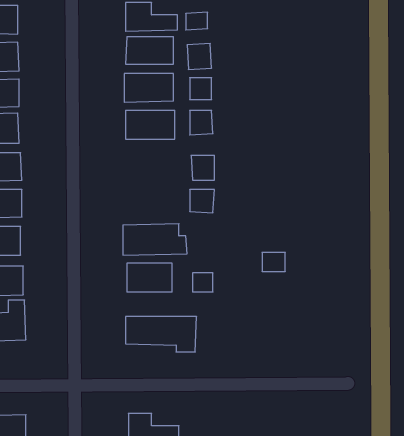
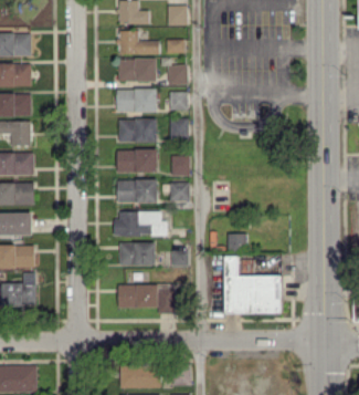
building: none -> [116,148,157,173]
building: none -> [116,179,157,204]
building: none -> [224,256,282,314]

